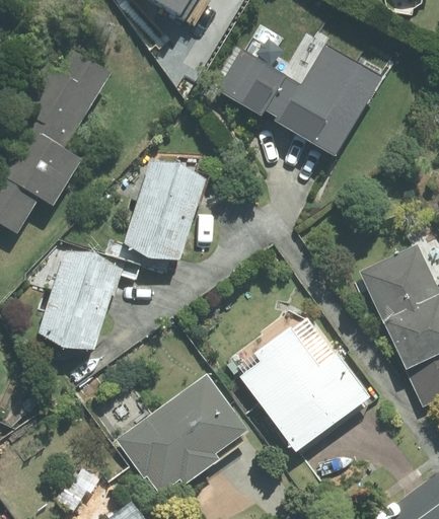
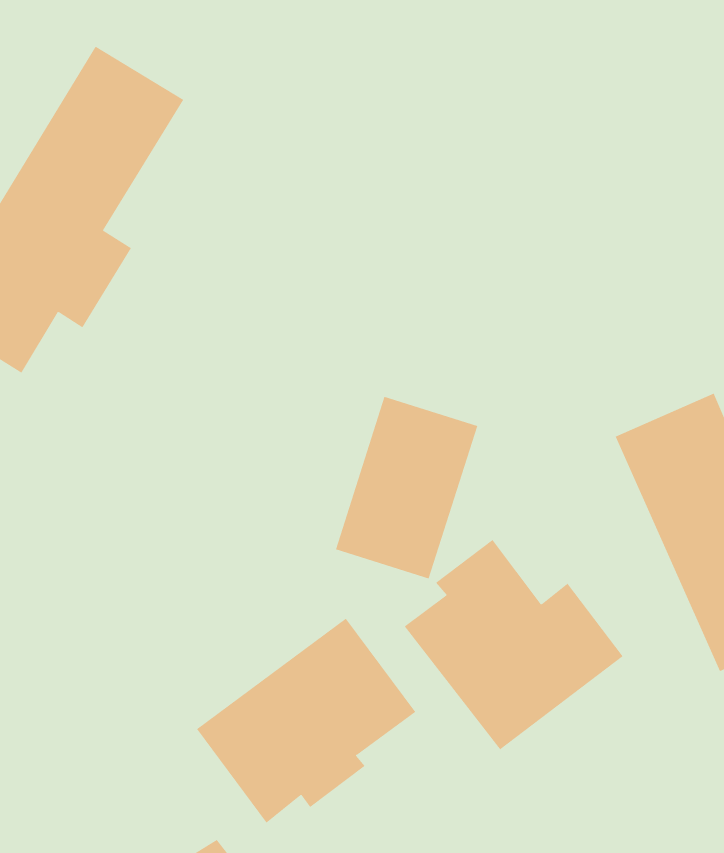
building: [217,31,380,156] -> none
building: [123,158,206,265] -> [335,396,478,579]
building: [40,251,120,351] -> none

